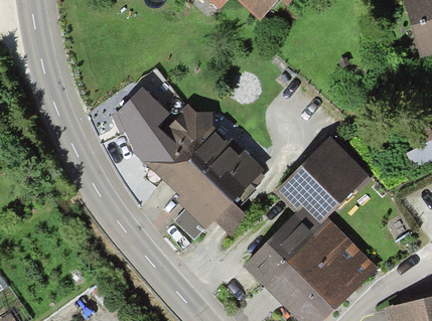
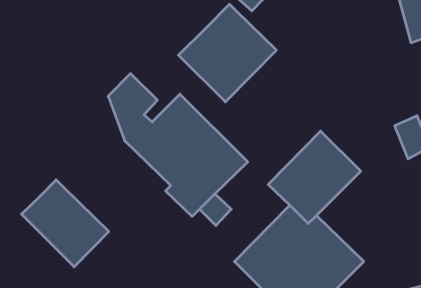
building: none -> [178,4,276,102]
building: none -> [21,180,109,267]

